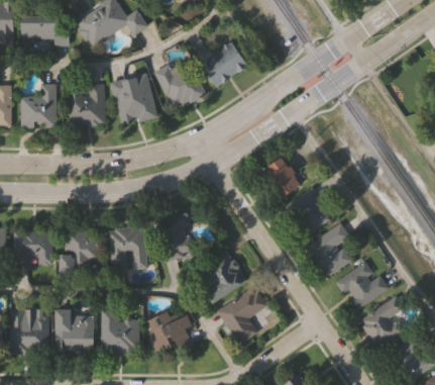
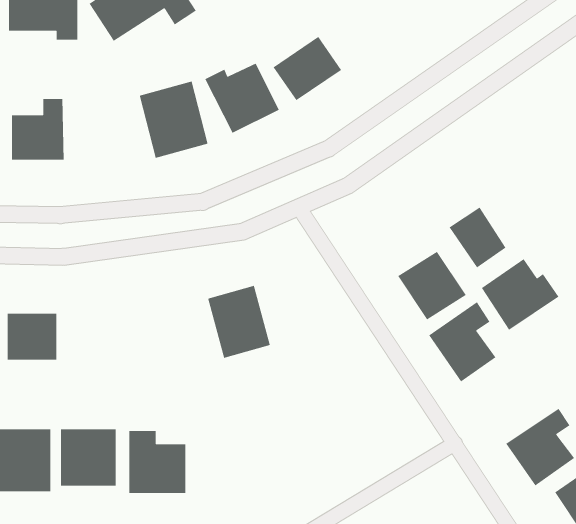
building: [69,84,106,125] -> none
building: [261,156,301,198] -> [449,206,506,269]
building: [110,226,148,270] -> none
building: [64,227,100,271] -> none
building: [192,251,245,302] -> none
building: [335,261,389,310] -> [481,258,559,331]
building: [216,287,265,346] -> none
building: [144,308,194,353] -> none

